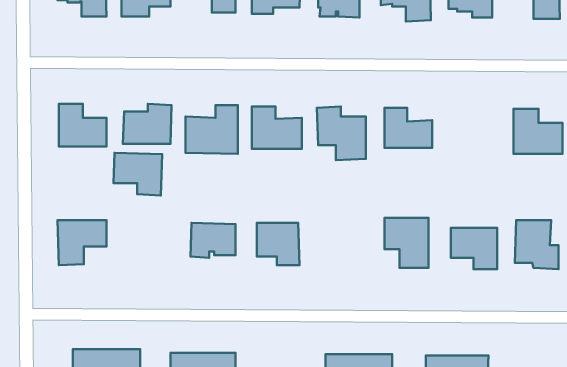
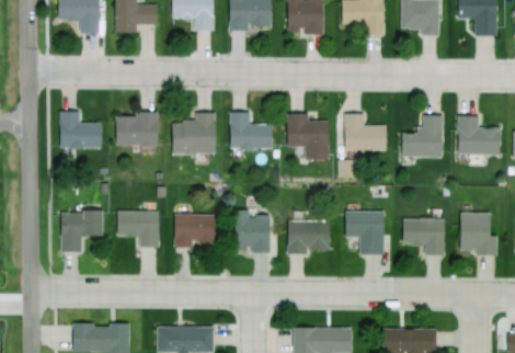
building: none -> [400,114,446,157]
building: [113,153,162,196] -> [117,209,160,247]
building: none -> [287,219,331,253]

